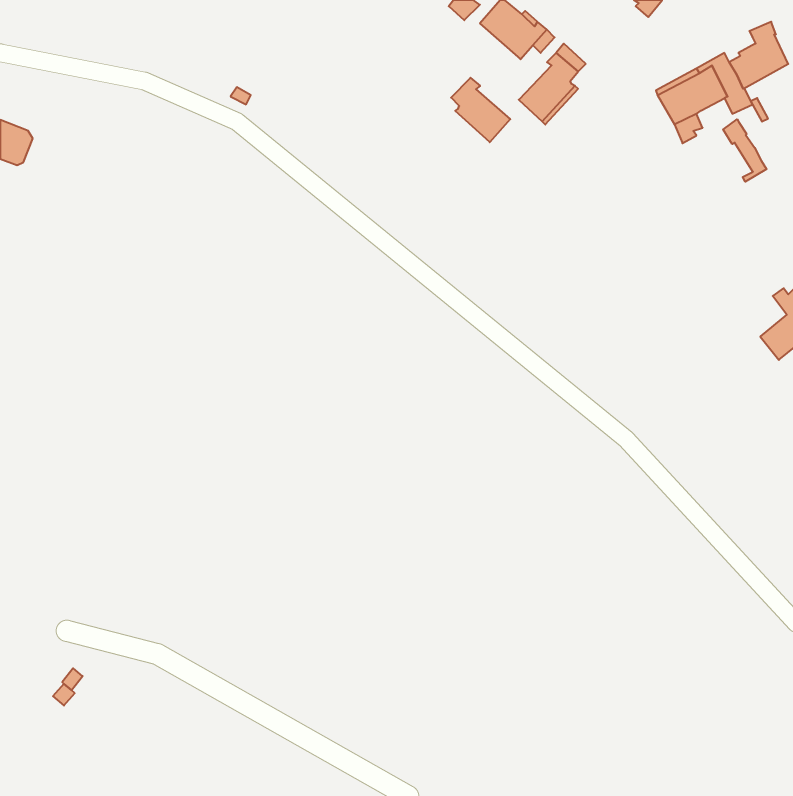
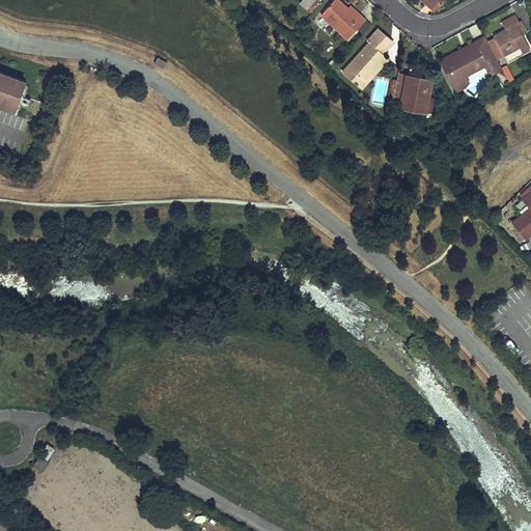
building: [451,78,510,142] -> none
building: none -> [391,75,431,113]
building: [723,119,767,182] -> none

